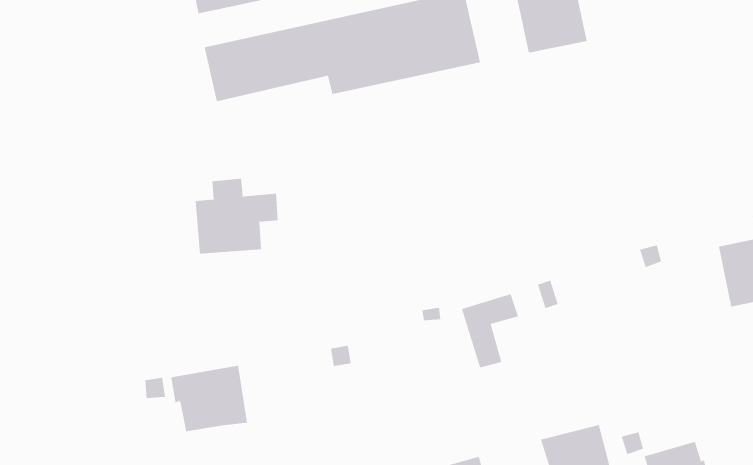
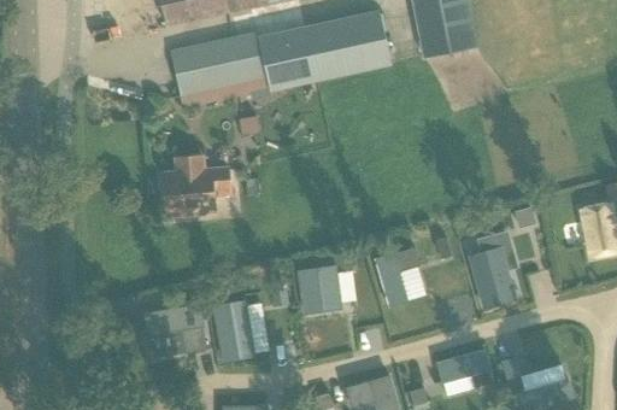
building: none -> [470,247,512,306]
building: none -> [300,266,339,312]
building: none -> [215,301,270,361]

